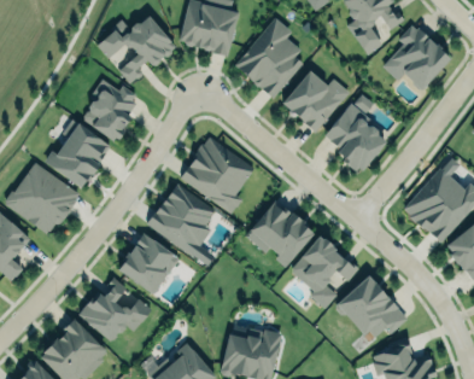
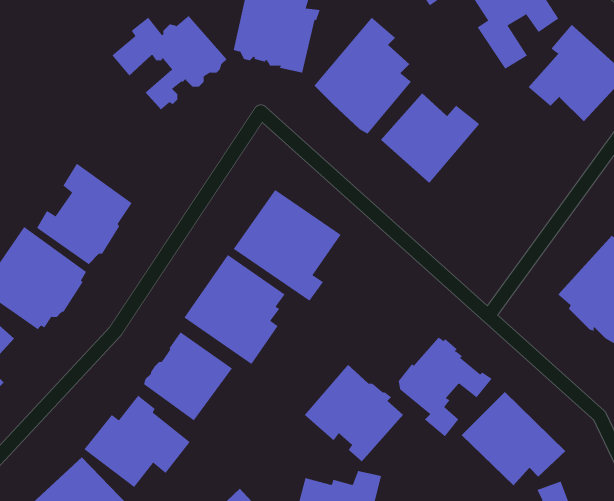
building: [80,80,141,140] -> none
building: [323,103,386,174] -> none
building: [246,200,315,268] -> [304,364,404,462]

